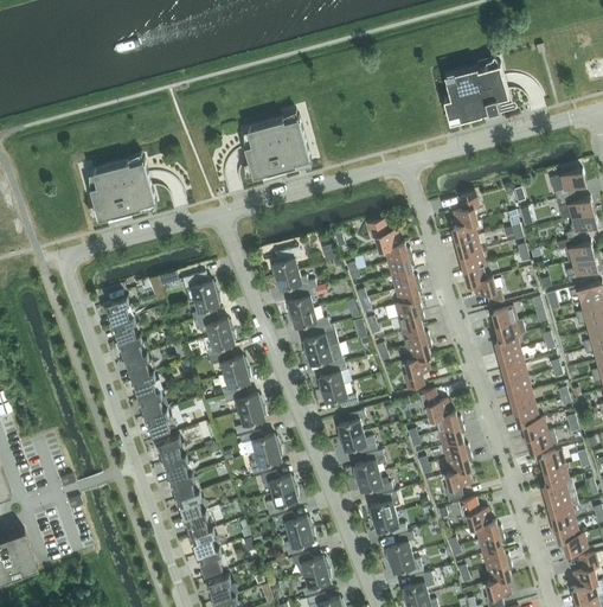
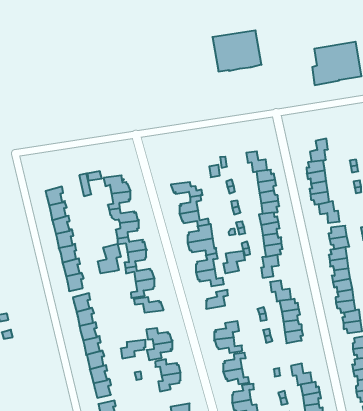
building: [240,115,310,175] -> [212,30,262,71]
building: [86,156,155,218] -> none
building: [271,247,301,277] -> none
building: none -> [223,251,245,273]
building: none -> [98,244,121,273]
building: [338,432,376,454] -> none
building: [249,447,282,475] -> [121,340,146,358]
building: [444,468,469,501] -> none
building: [290,554,329,576] -> none

